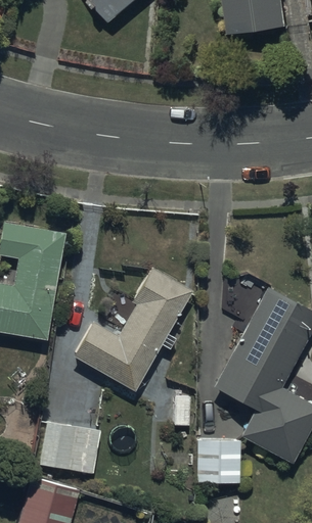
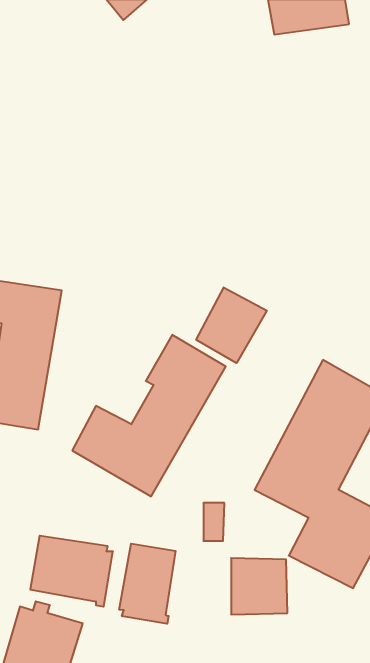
building: none -> [196,287,267,363]
building: none -> [119,544,176,624]

